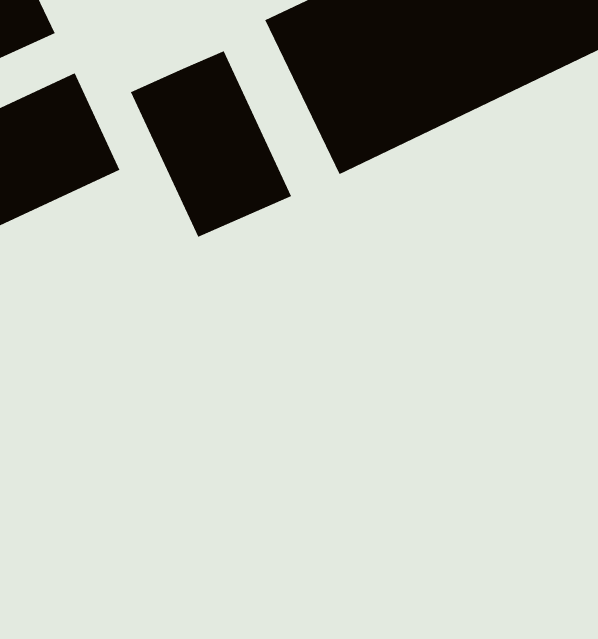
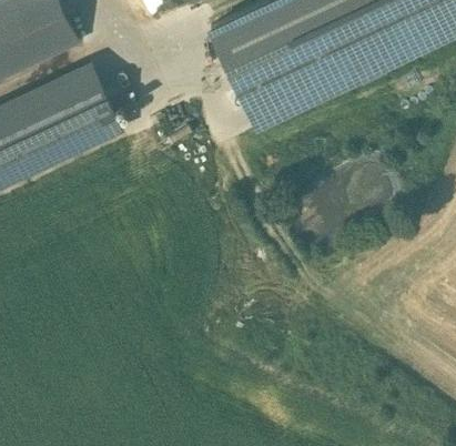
building: [130,50,292,238] -> none

